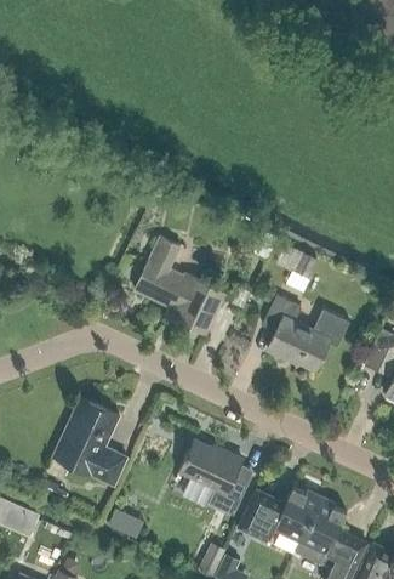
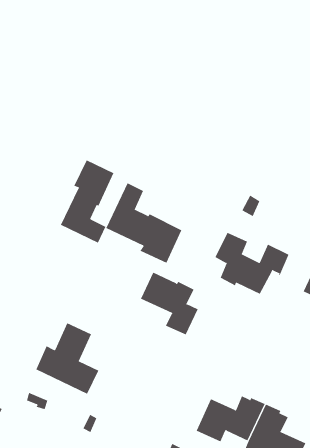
building: none -> [60,160,114,243]
building: [179,439,247,513] -> [140,272,199,335]

